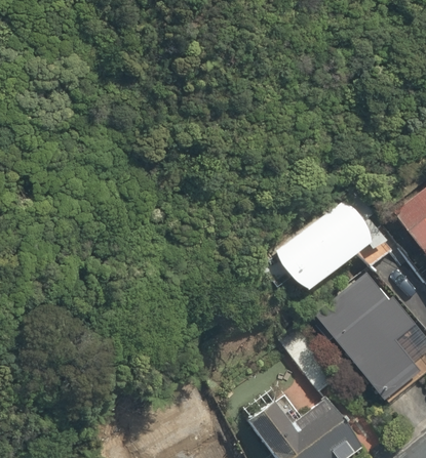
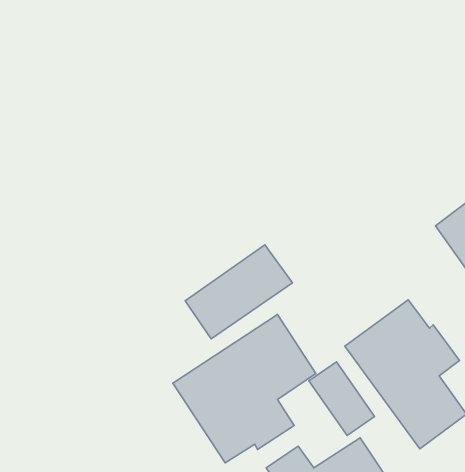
building: [279,209,372,290] -> [185,245,292,339]
building: none -> [173,314,316,463]

